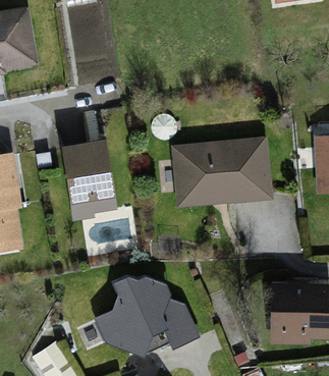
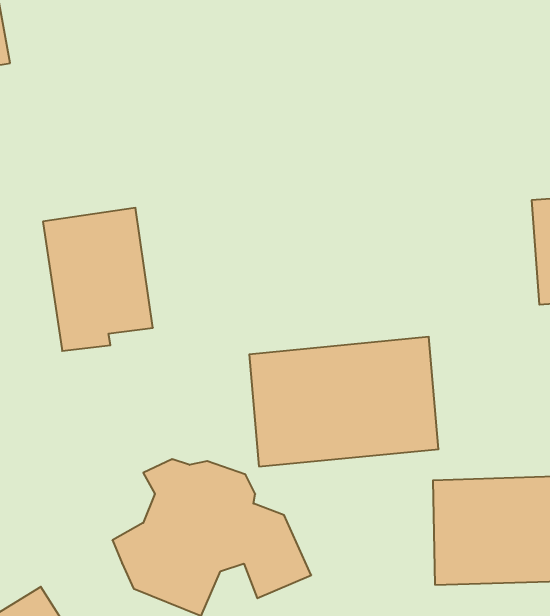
building: [171,137,271,205] -> [249,337,439,466]

